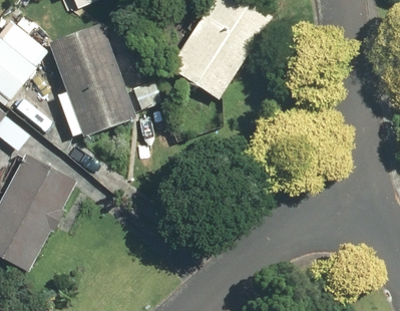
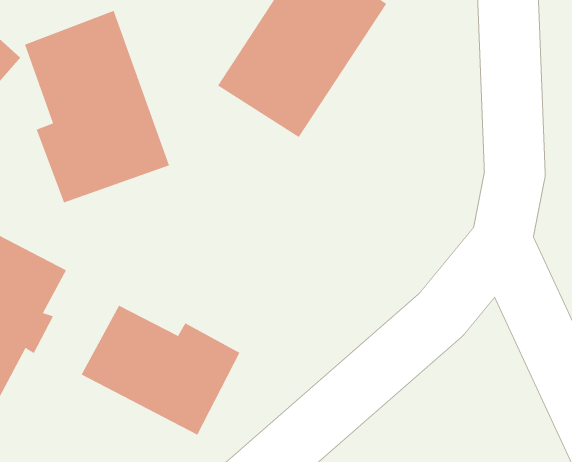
building: none -> [81,305,240,435]

